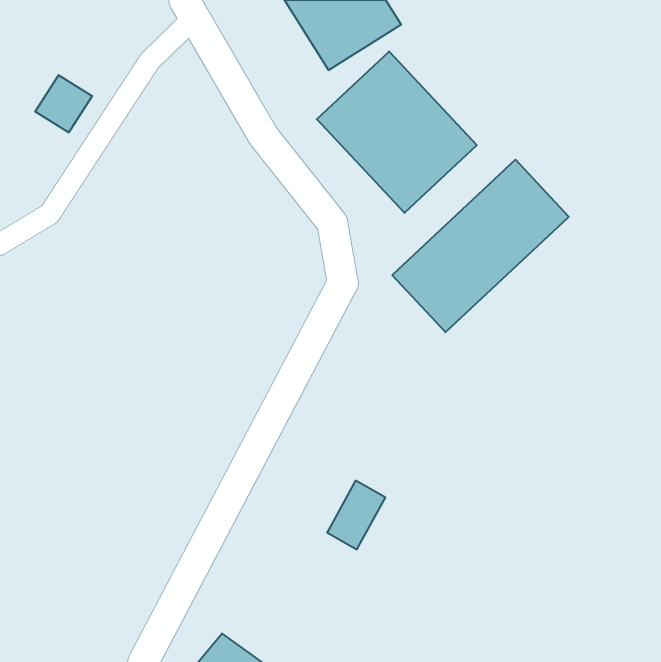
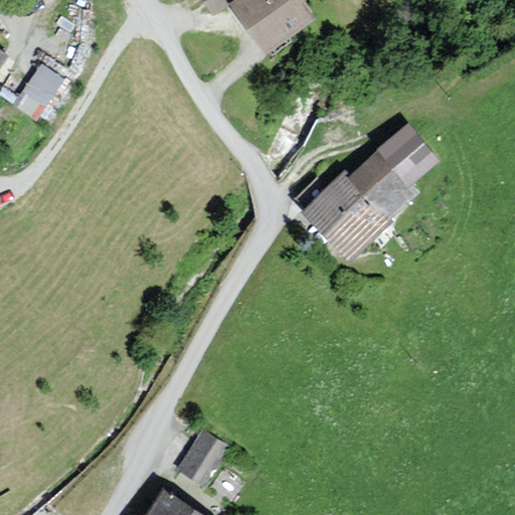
building: [317,51,477,213] -> none
building: [327,481,385,549] -> [179,427,224,481]

